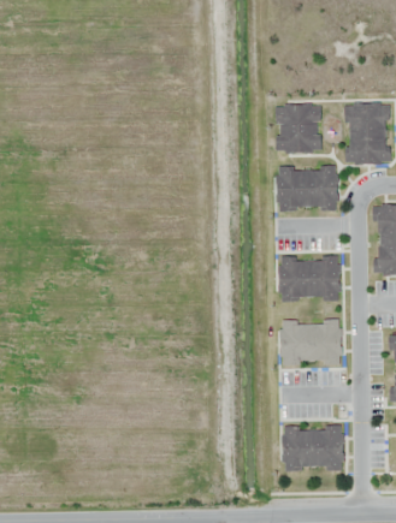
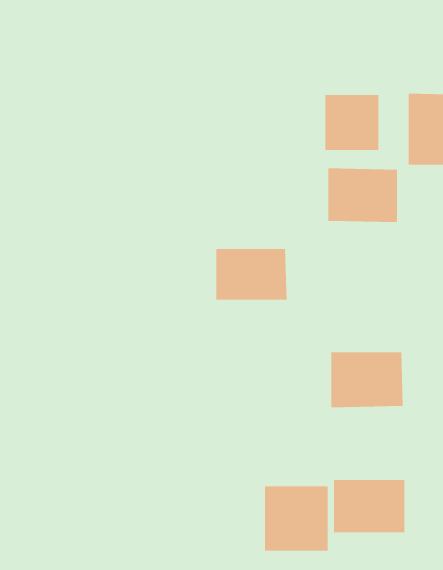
building: [279,256,339,299] -> [216,249,287,300]
building: none -> [264,485,328,552]

